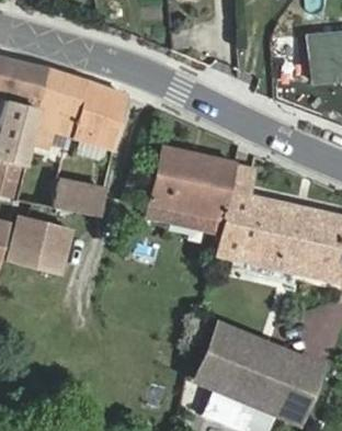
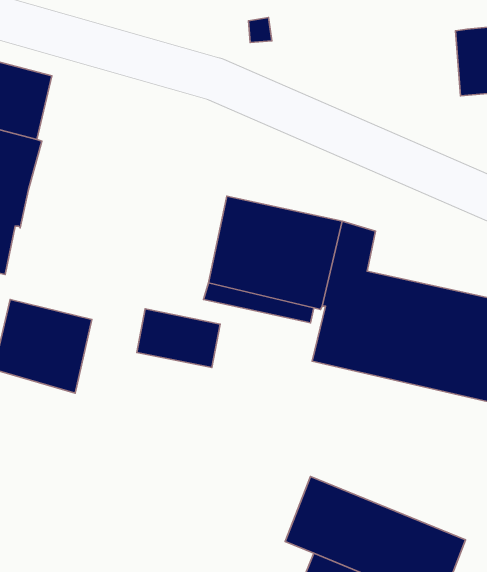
building: [30,68,127,149] -> none
building: [52,179,106,217] -> [137,309,220,367]

